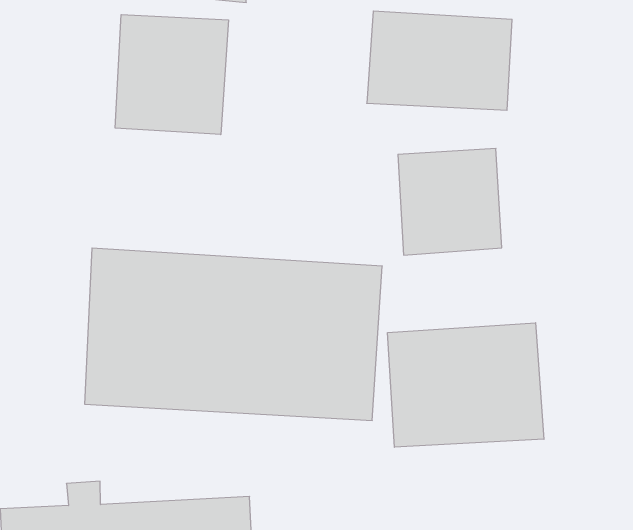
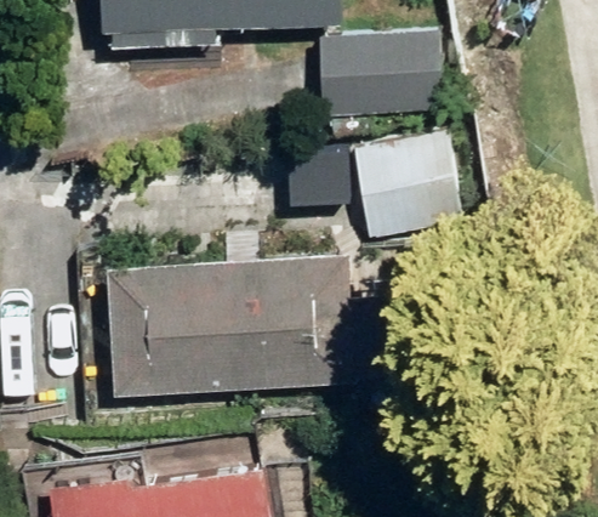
building: [115,15,228,135] -> none
building: [388,323,544,447] -> none

